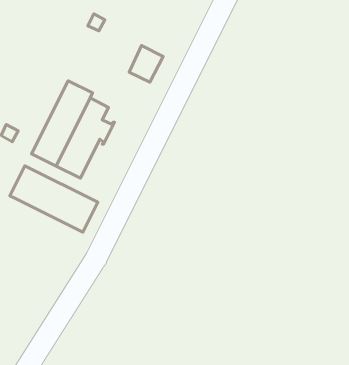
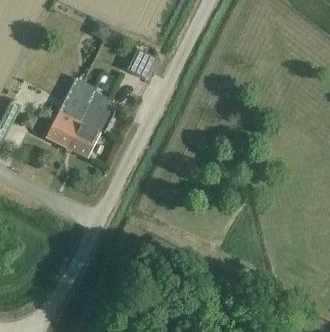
building: [10,166,98,232] -> none

